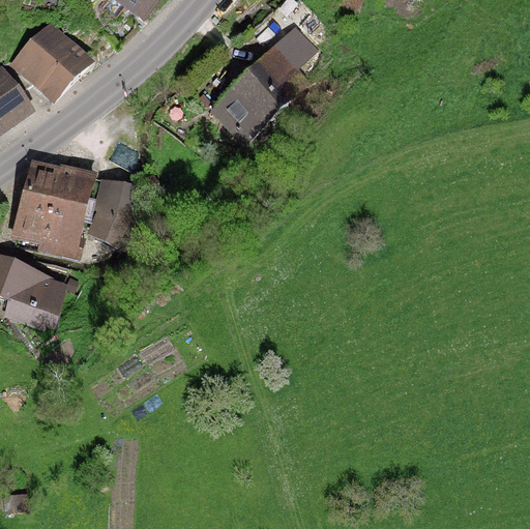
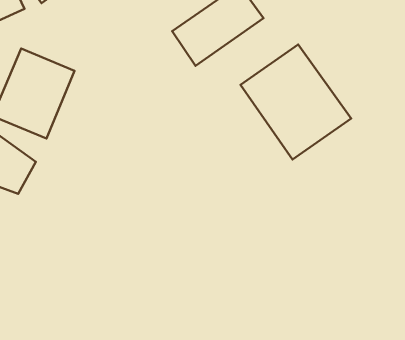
building: none -> [240,44,351,159]
building: [88,171,138,243] -> none

